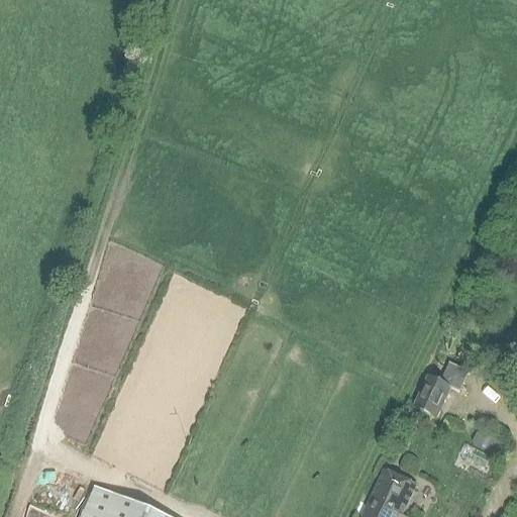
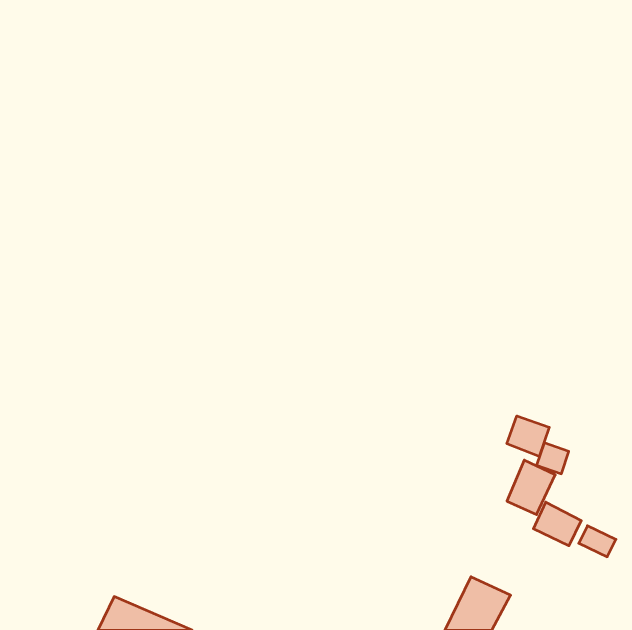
building: none -> [507,416,549,457]
building: none -> [533,502,581,546]

